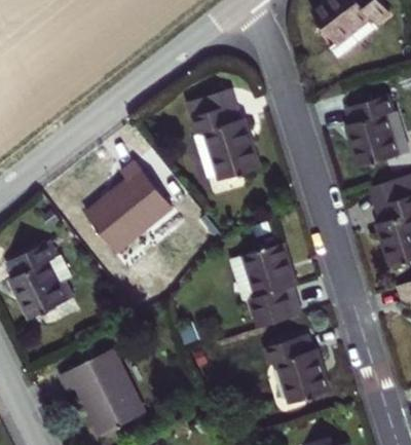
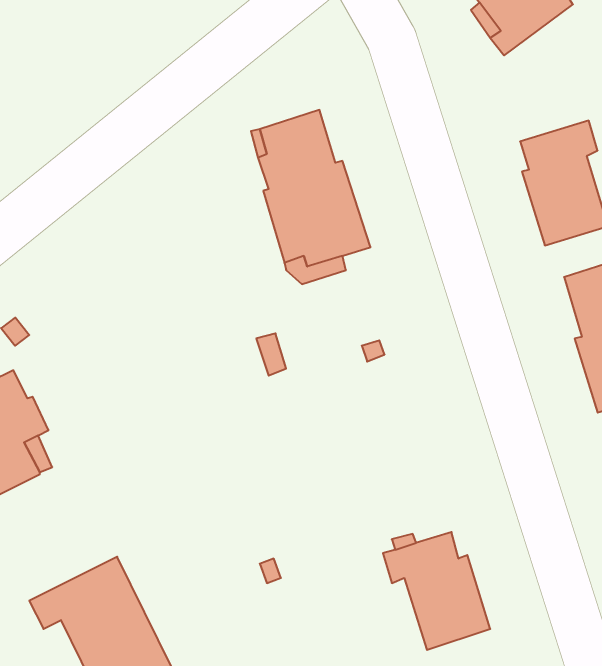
building: [87,160,171,250] -> none
building: [232,243,299,327] -> none

